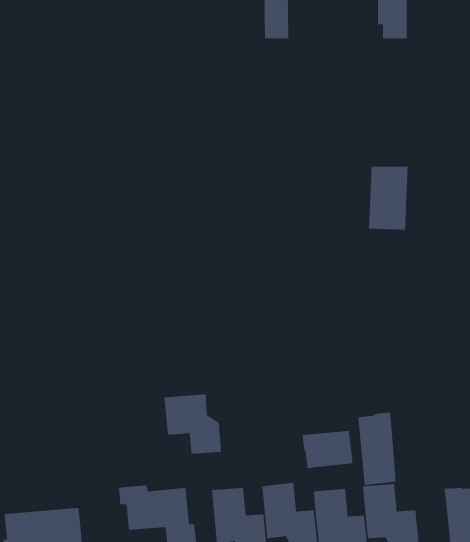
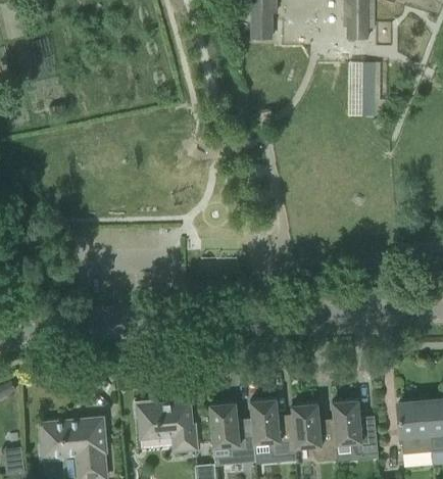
building: [368,166,408,230] -> [349,60,382,112]
building: [164,393,222,454] -> none
building: [358,411,396,486] -> none
building: [302,430,353,469] -> none

